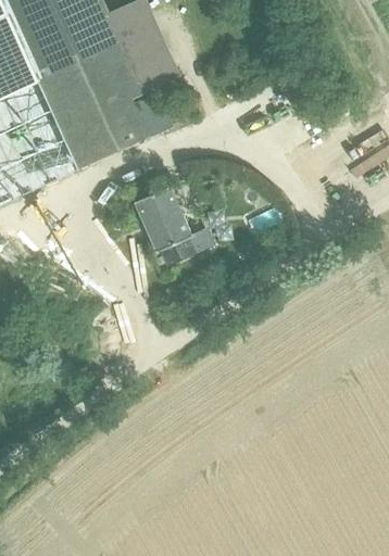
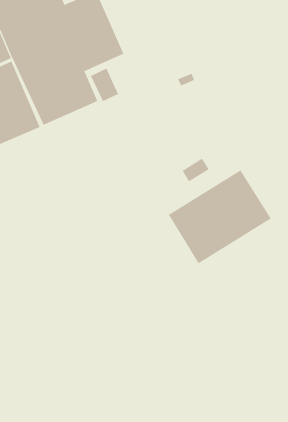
building: [133,187,210,264] -> none
building: none -> [168,170,272,264]

